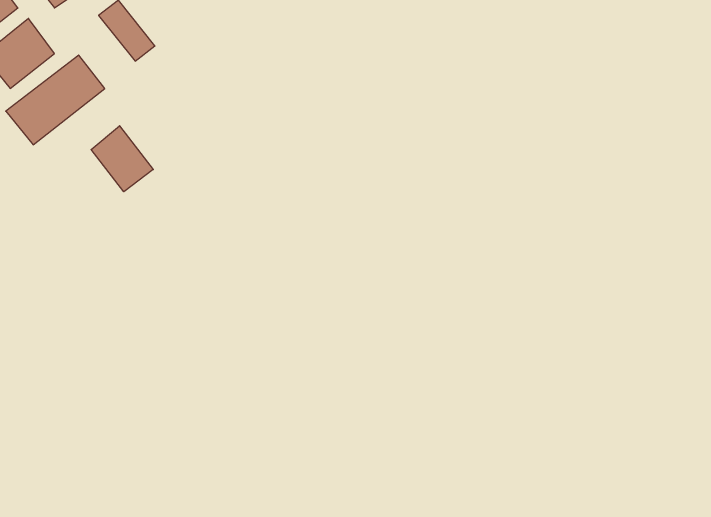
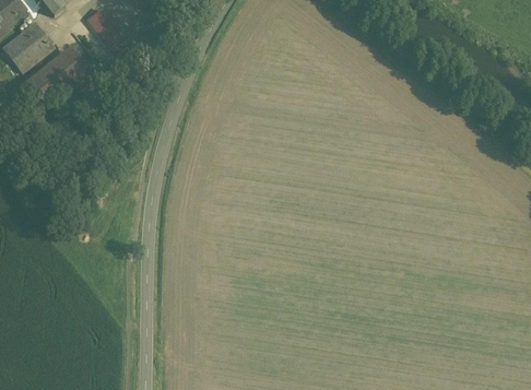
building: [91,126,153,192] -> none

